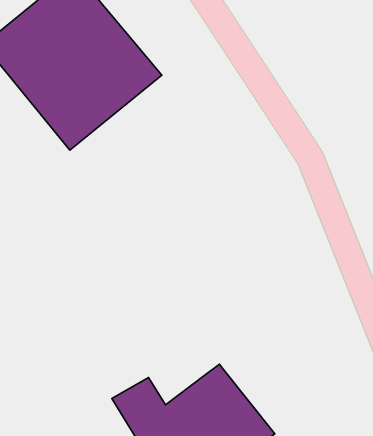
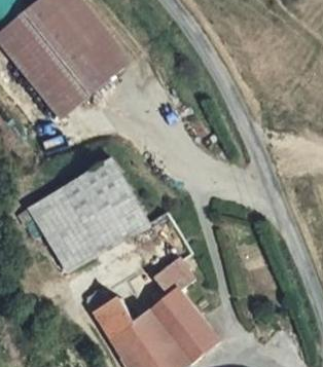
building: none -> [24,158,148,274]
building: none -> [150,257,194,295]

